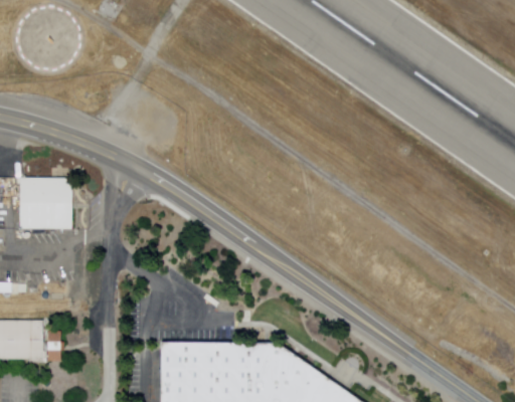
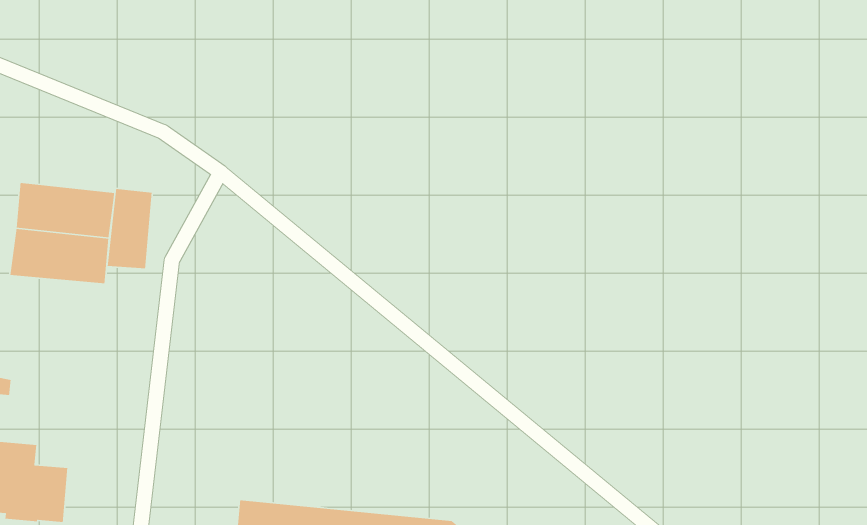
building: none -> [107,188,153,269]

